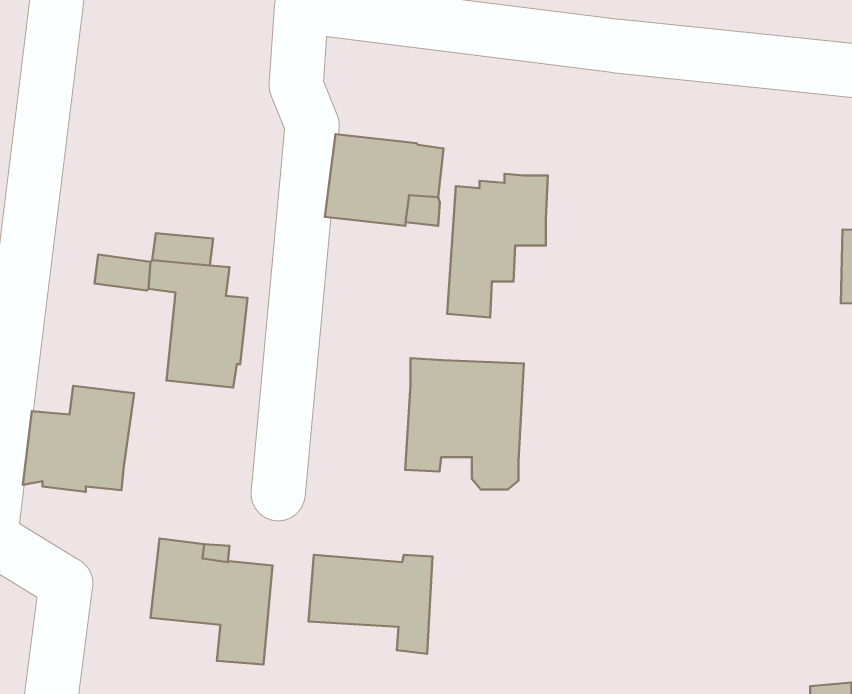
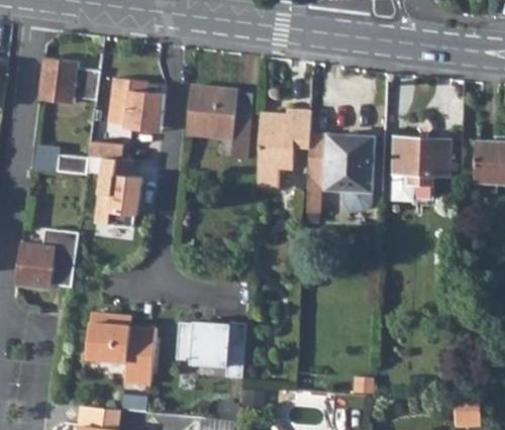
building: none -> [37,58,99,103]
building: none -> [107,81,163,127]
building: none -> [392,137,451,200]
building: [405,358,524,489] -> [306,134,373,208]

